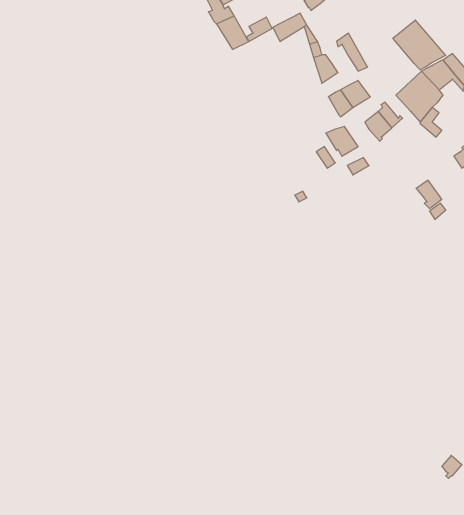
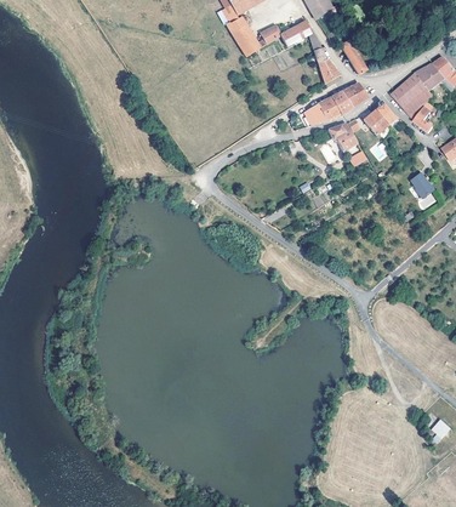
building: [393,20,446,70] -> none
building: none -> [303,96,340,124]

